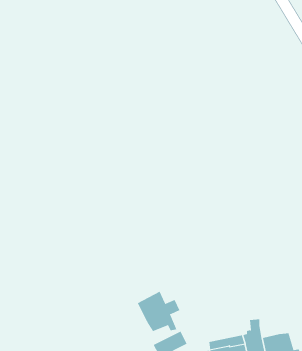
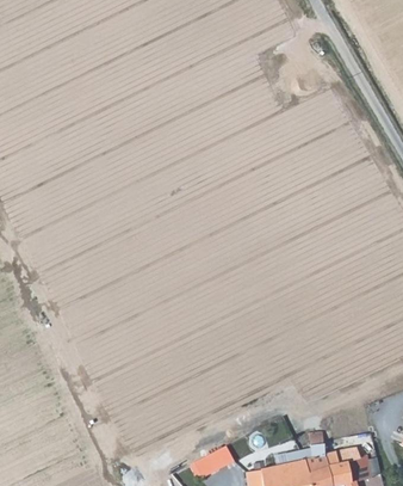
building: [137,291,180,332] -> none

